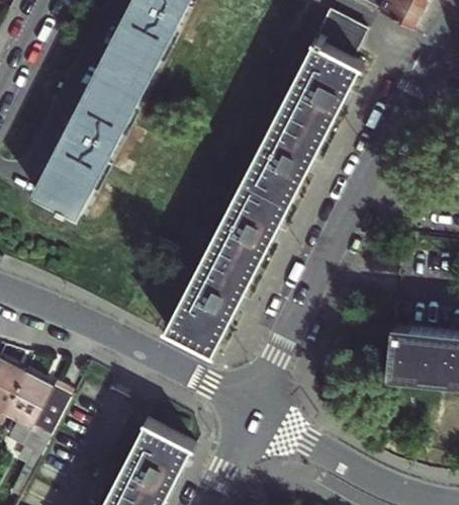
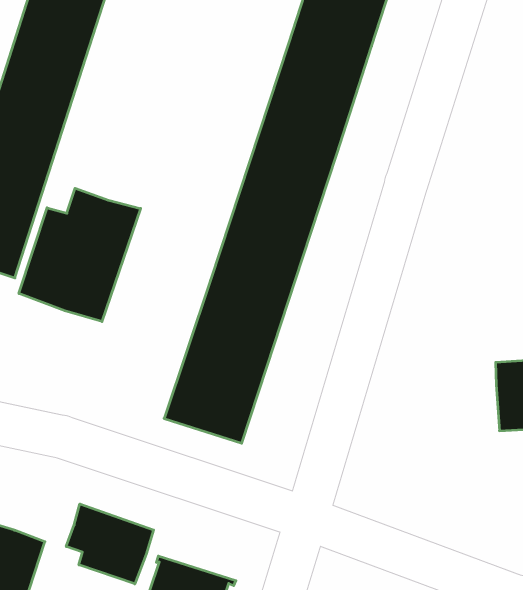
building: none -> [19,188,141,322]
building: none -> [66,504,154,584]

